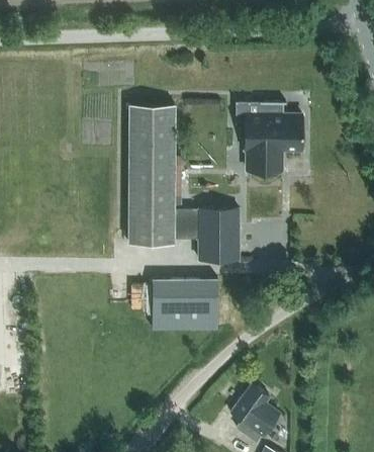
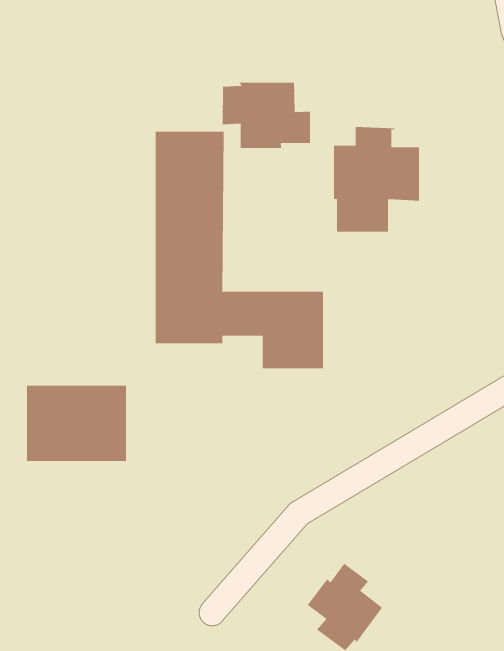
building: none -> [222,82,310,149]
building: [153,280,218,330] -> [26,385,127,461]

